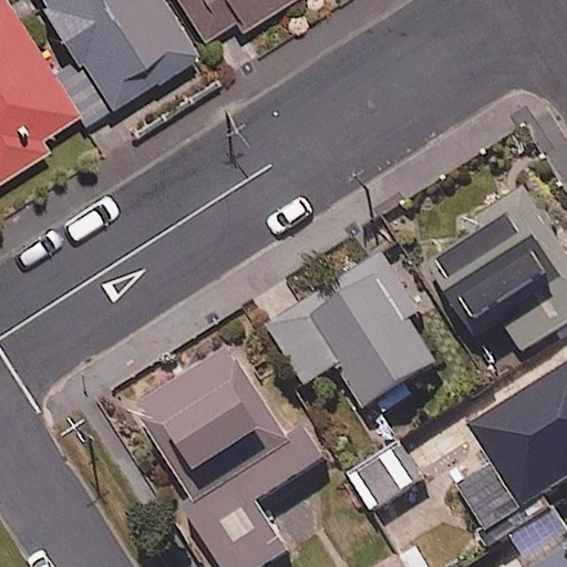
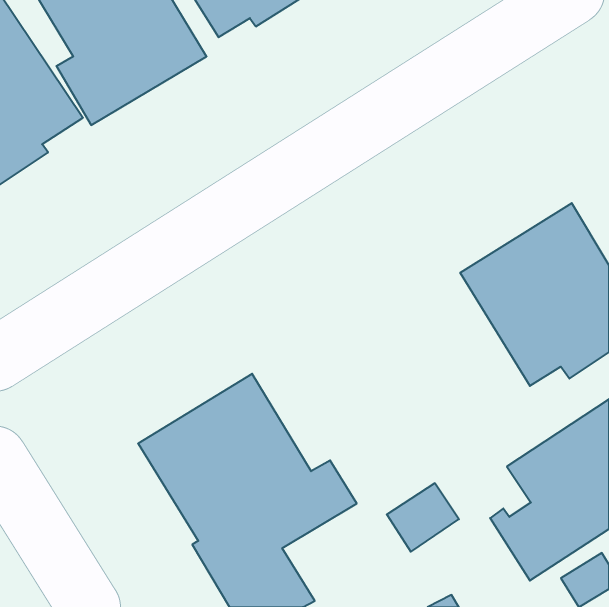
building: [269,252,440,412] -> none

